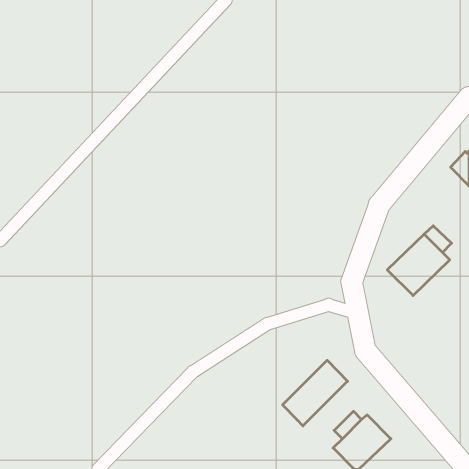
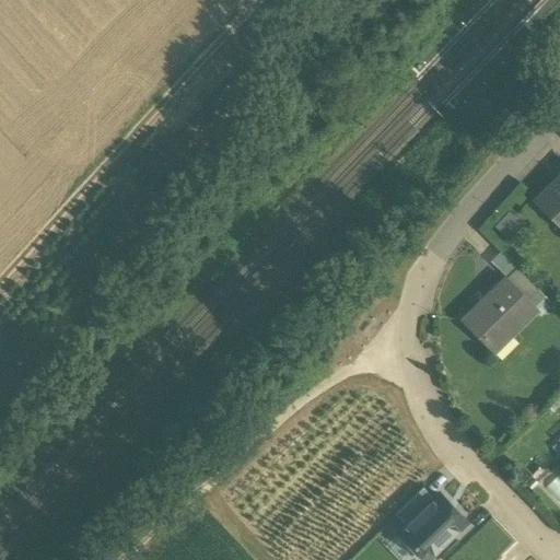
building: [283,360,348,426] -> none

